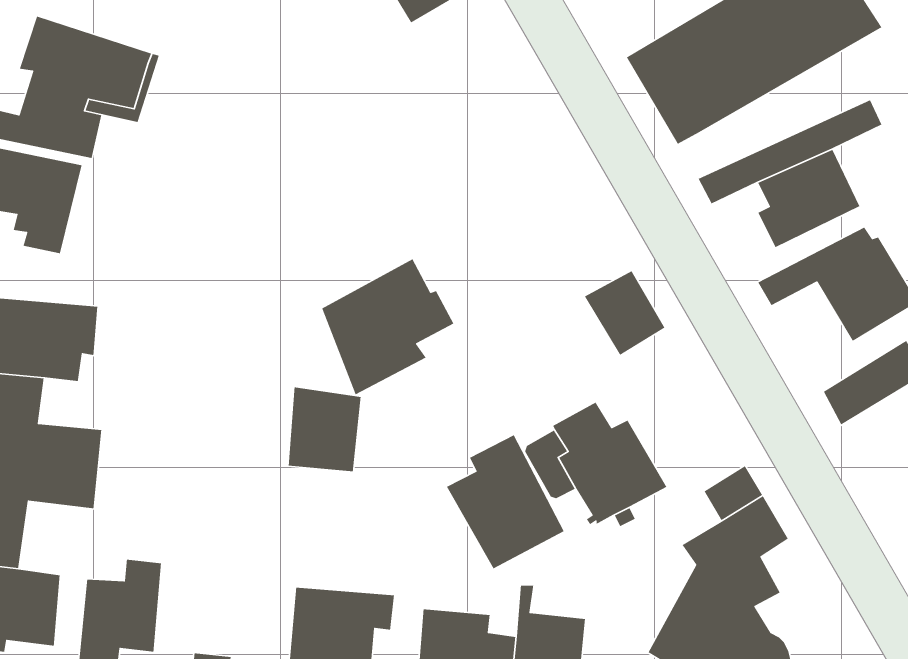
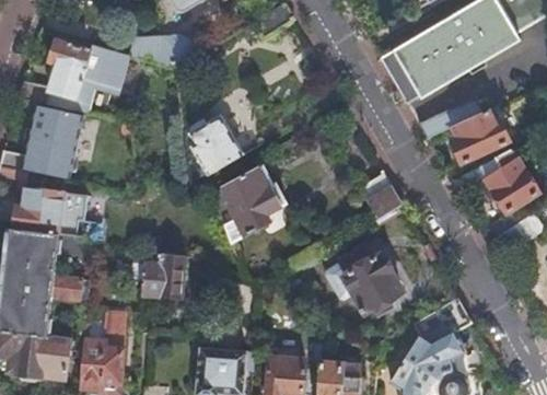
building: none -> [129,36,200,70]
building: none -> [188,113,243,174]
building: [288,387,361,472] -> [142,249,183,297]
building: [446,434,565,570] -> none

